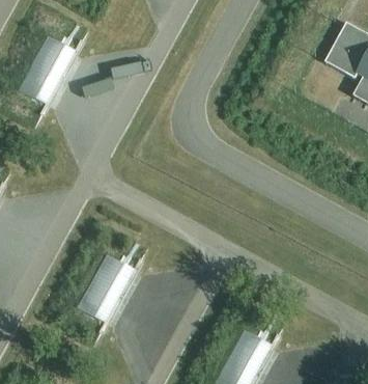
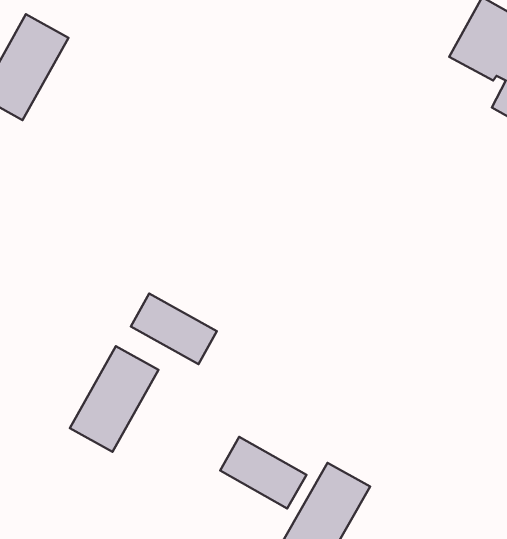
building: none -> [131,294,217,364]
building: none -> [220,437,307,509]

